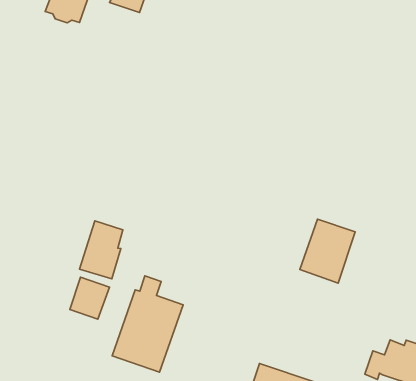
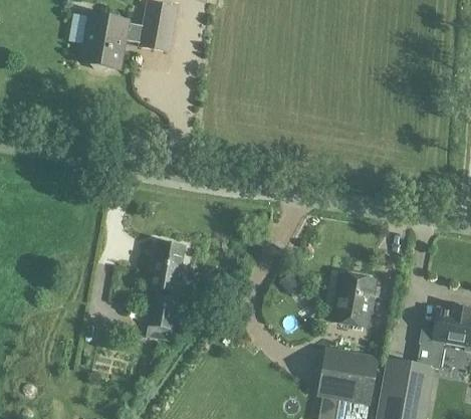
building: [300,219,355,283] -> [331,273,376,328]
building: [112,276,183,372] -> none

